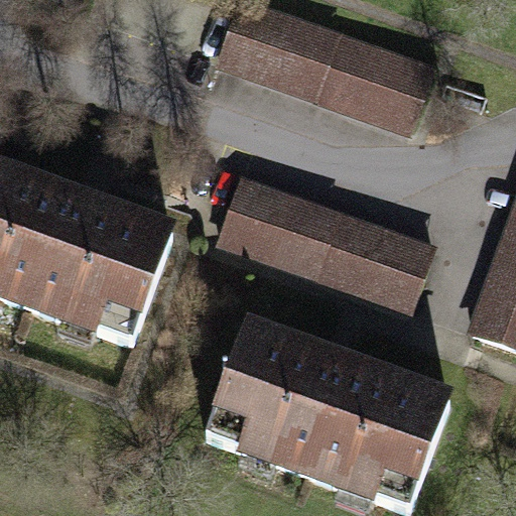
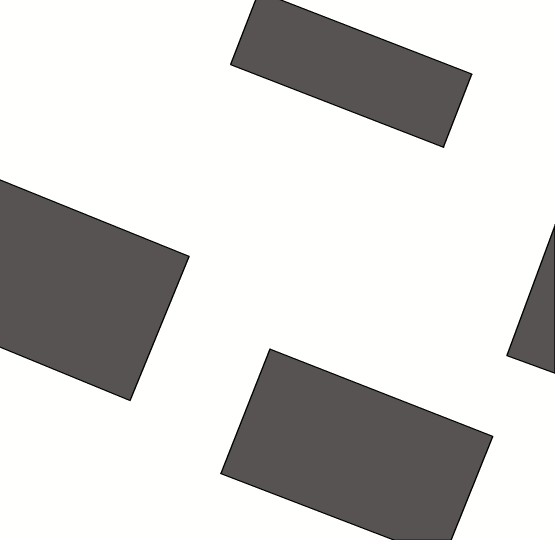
building: [215,170,437,314] -> none

